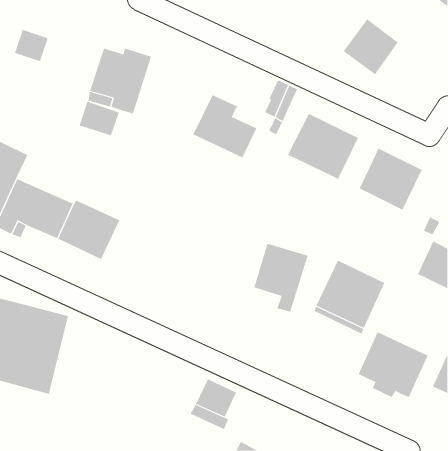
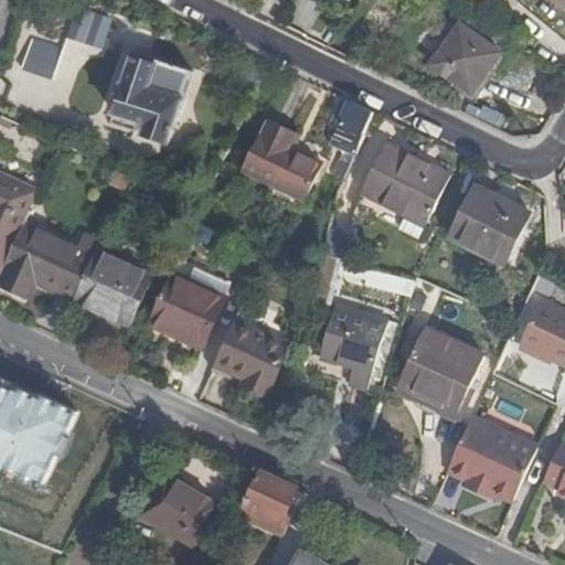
building: none -> [65,7,110,47]
building: [79,101,119,136] -> none
building: none -> [143,257,232,353]
building: none -> [212,305,294,391]
building: none -> [140,475,215,545]

